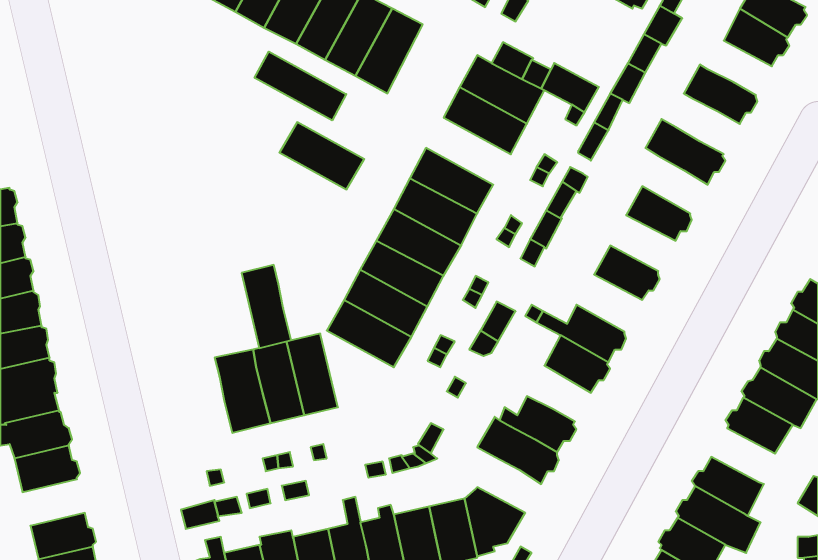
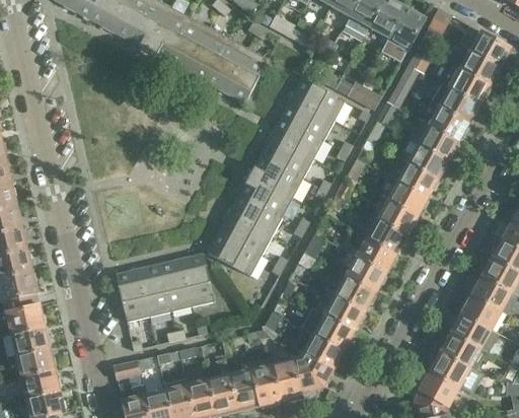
building: none -> [448,69,491,103]
building: [255,52,346,120] -> none
building: none -> [428,106,469,141]
building: [279,122,364,189] -> [270,118,323,160]
building: none -> [398,142,449,179]
building: none -> [386,180,428,215]
building: [242,265,291,348] -> [116,270,147,323]
building: none -> [365,217,407,254]
building: none -> [324,275,376,310]
building: none -> [449,315,491,349]
building: none -> [302,333,344,368]
building: none -> [14,347,56,376]

